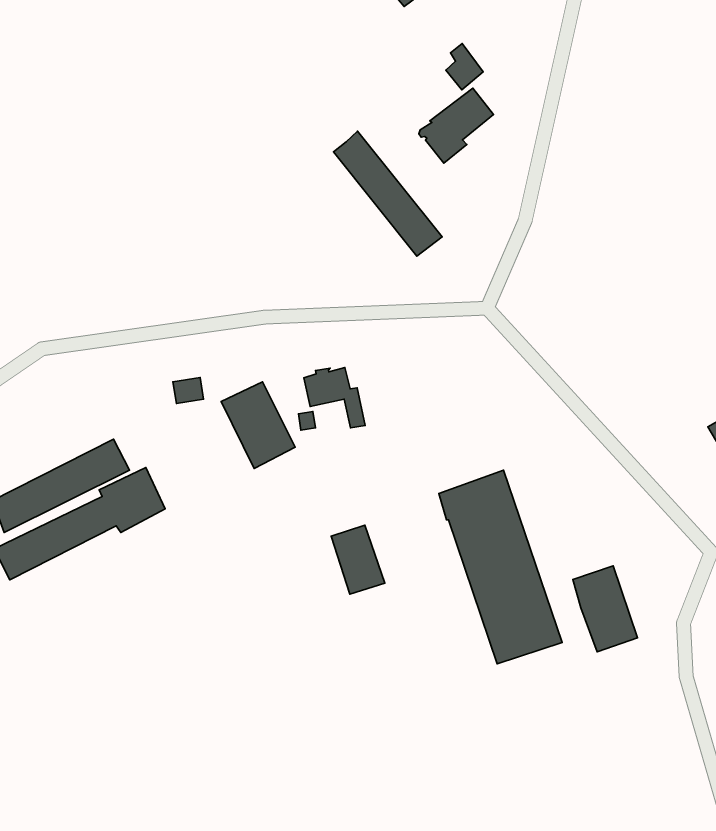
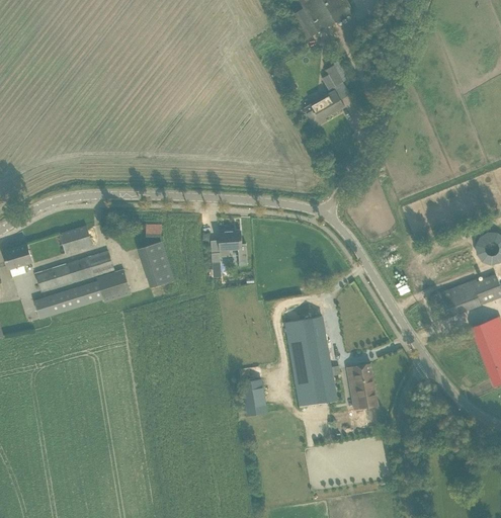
building: [334,131,442,256] -> none
building: [221,382,295,468] -> [138,240,174,286]
building: none -> [59,225,92,252]
building: [331,525,385,594] -> [241,378,266,415]

